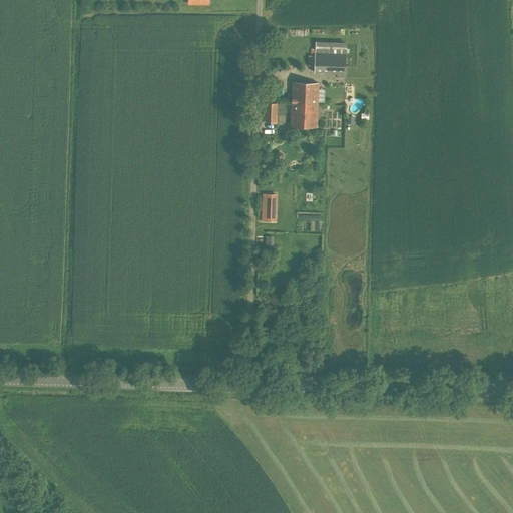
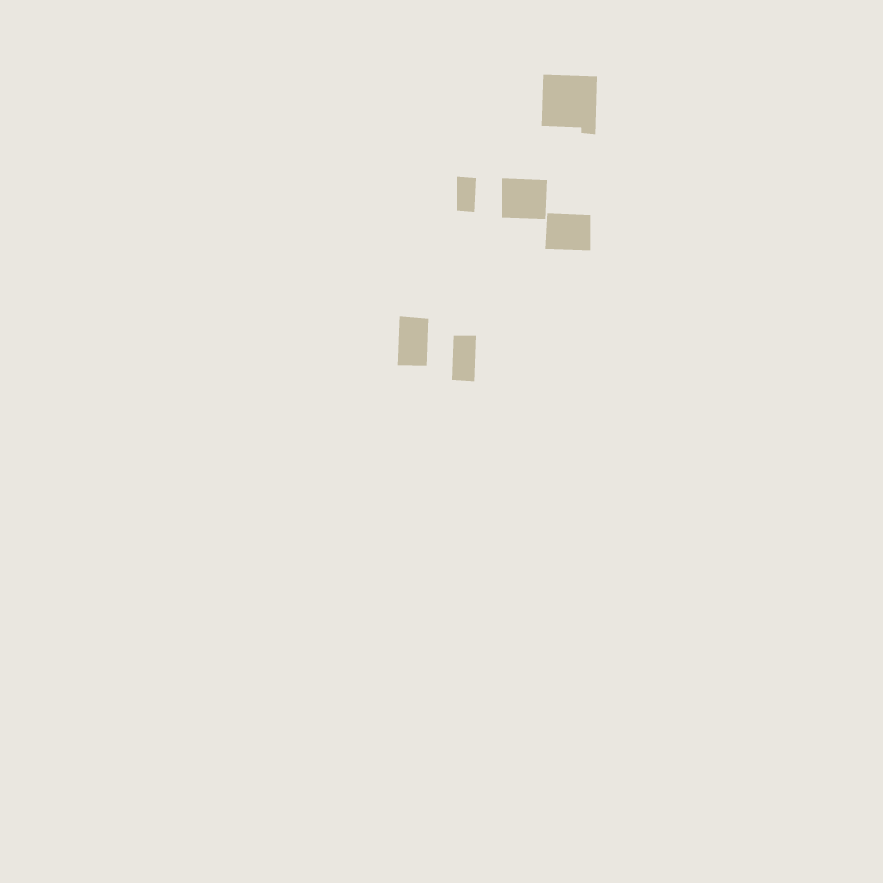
building: [291,82,318,104] -> [545,213,591,251]
building: none -> [397,316,429,367]

